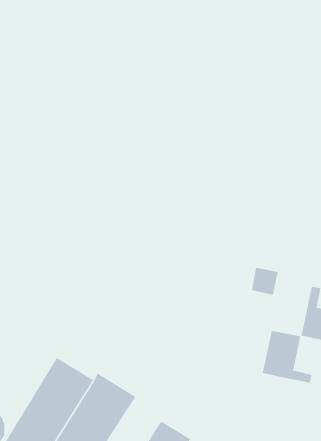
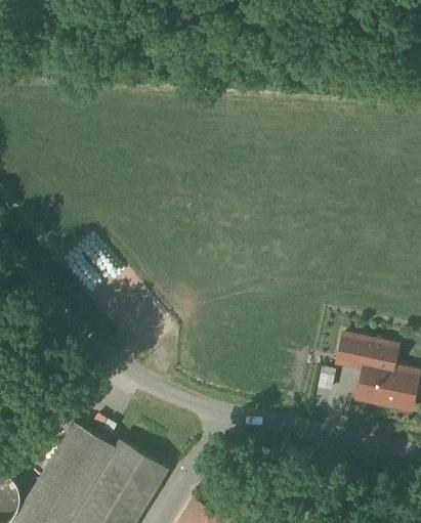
building: [251,267,279,296] -> [338,336,370,368]
building: [262,330,312,383] -> none

